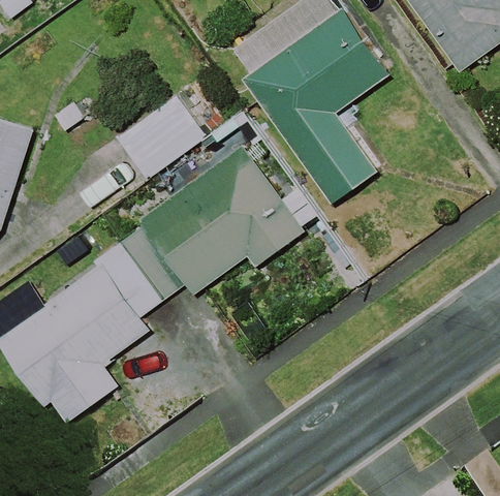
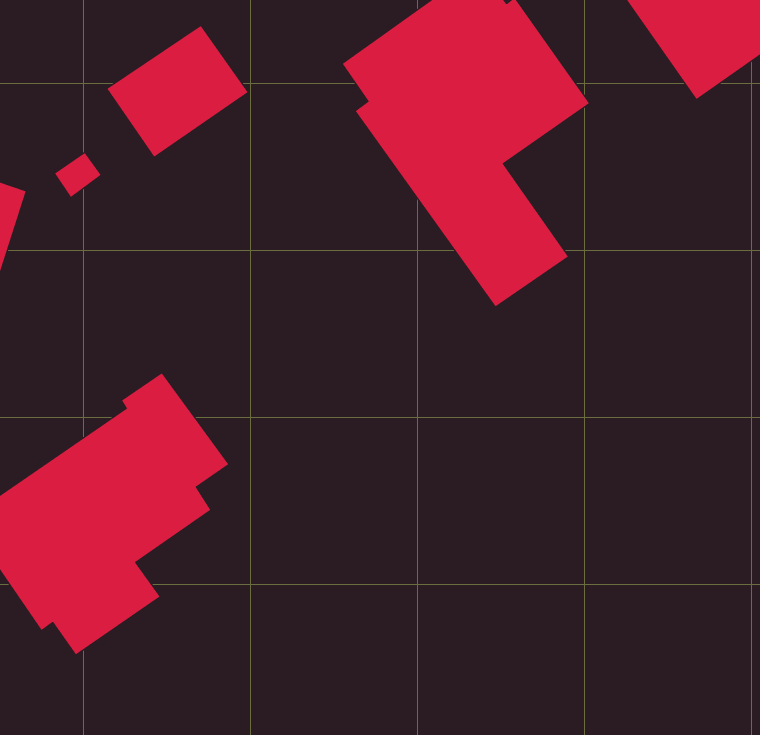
building: [115,96,205,180] -> [106,25,249,158]
building: [120,145,304,301] -> none

